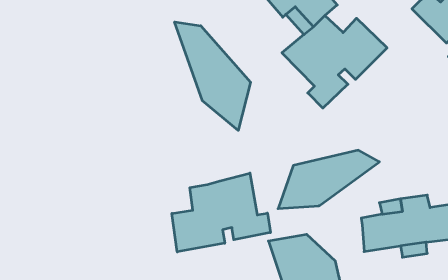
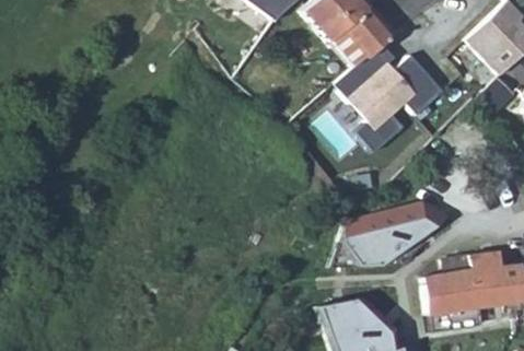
building: [175,22,251,130] -> none
building: [172,173,270,252] -> none

